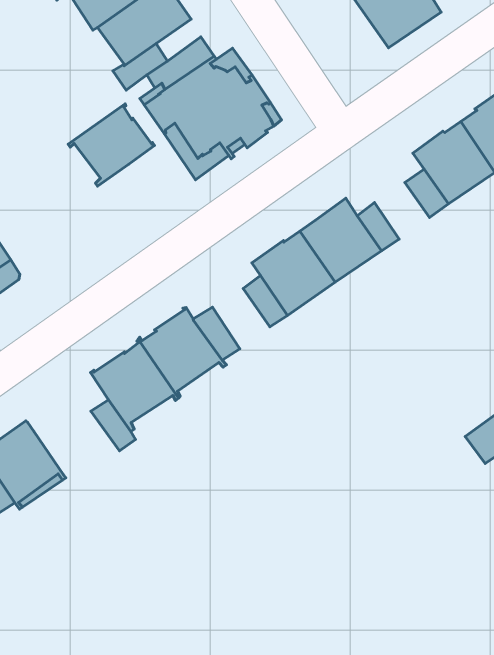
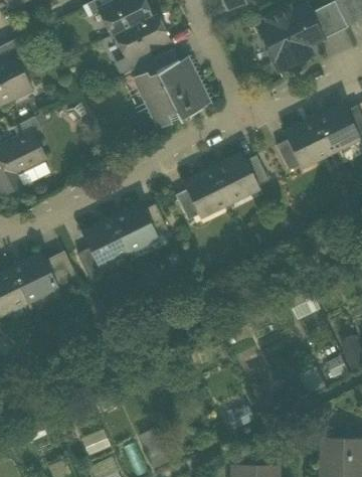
building: [68,104,154,186] -> none
building: none -> [43,254,76,290]

